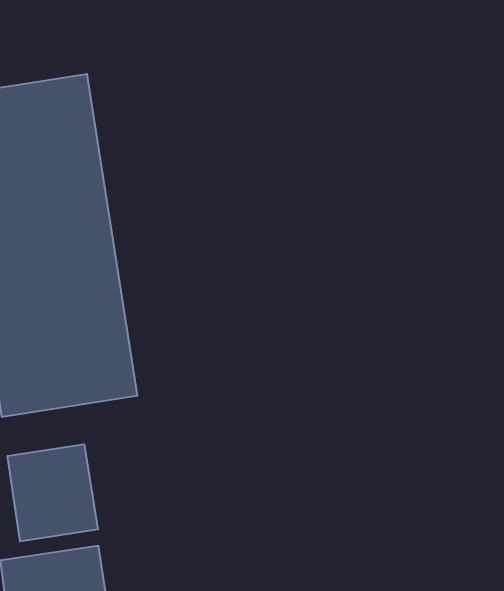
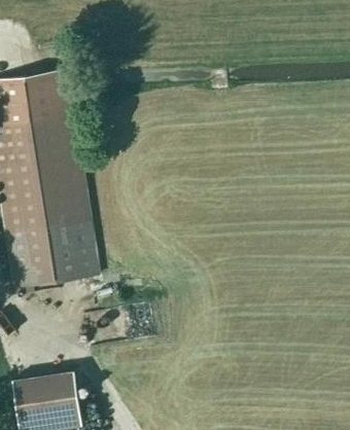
building: [7,444,98,542] -> none

